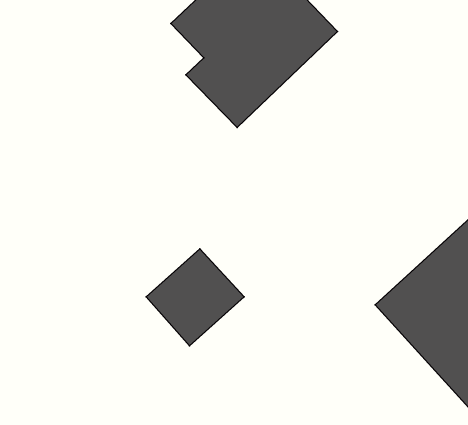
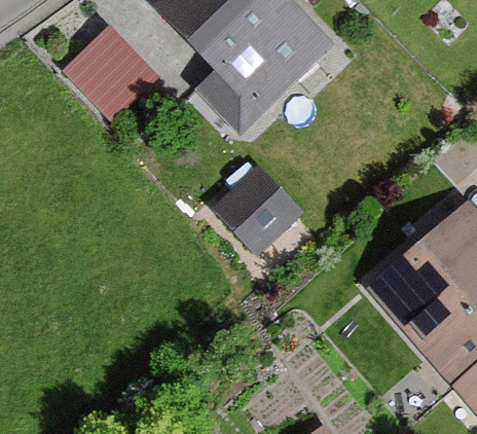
building: none -> [65,27,163,122]
building: [146,249,244,346] -> [209,168,297,255]

